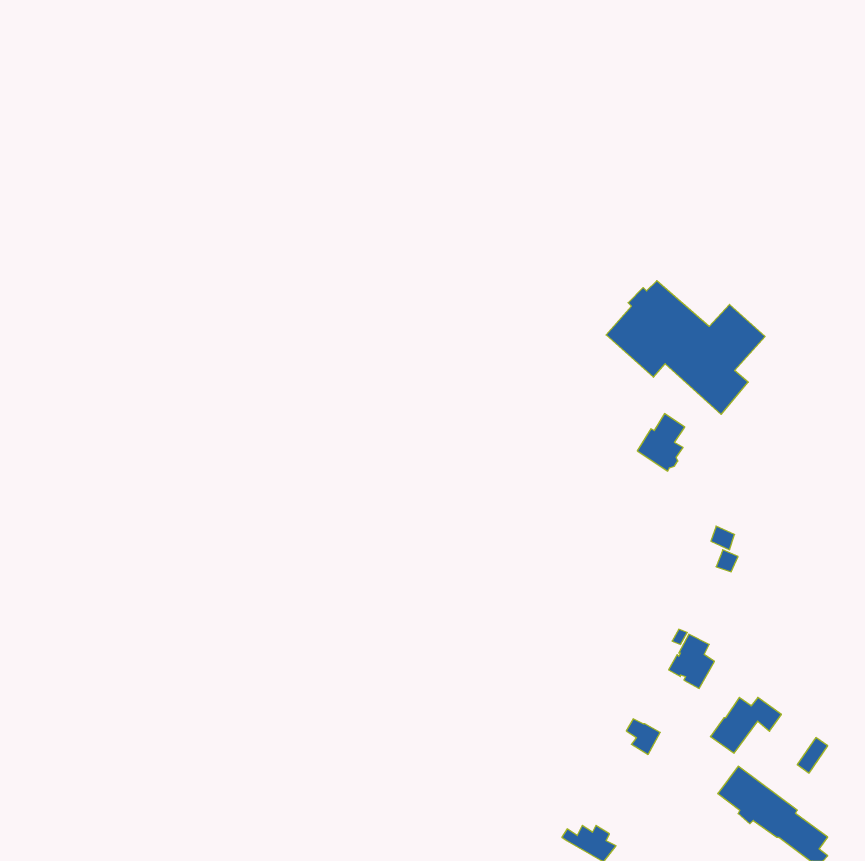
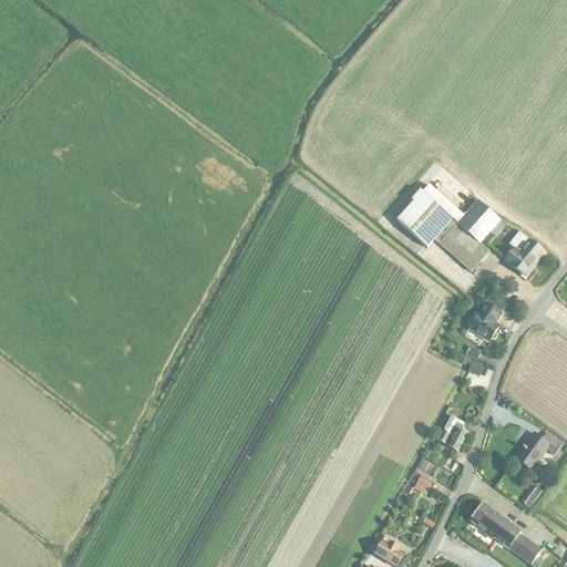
building: none -> [506,236,544,274]
building: [637,414,685,471] -> [470,302,501,340]
building: [710,697,781,753] -> [515,432,561,468]

